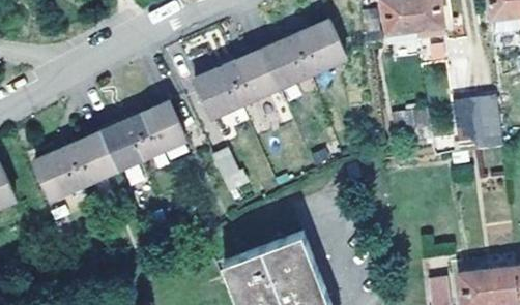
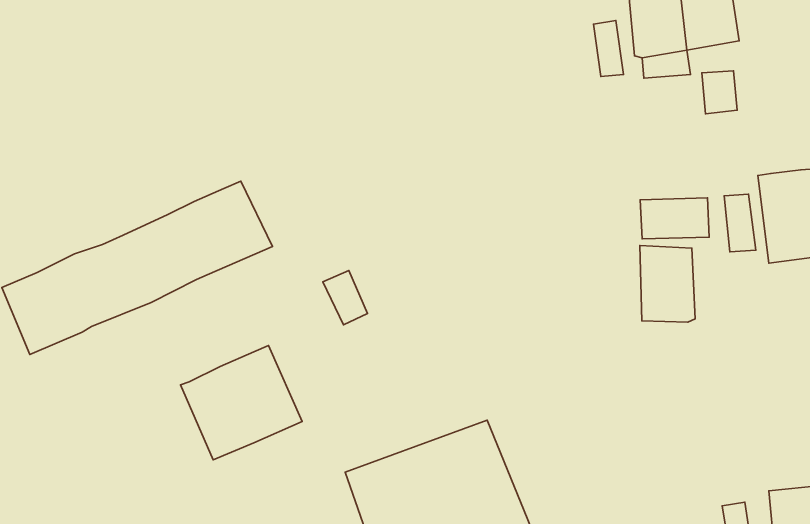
building: [195,19,345,115] -> none
building: none -> [640,245,695,322]
building: none -> [180,345,302,460]

